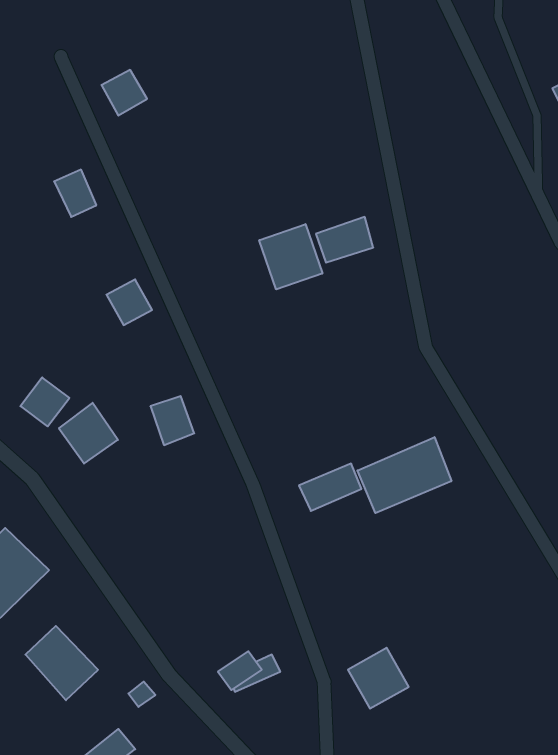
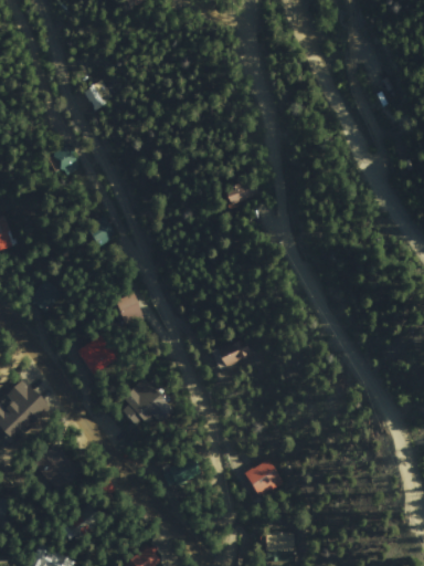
building: [259,224,322,289] -> none
building: [59,403,118,464] -> [78,336,117,376]
building: [357,437,451,513] -> none
building: none -> [123,378,173,428]

